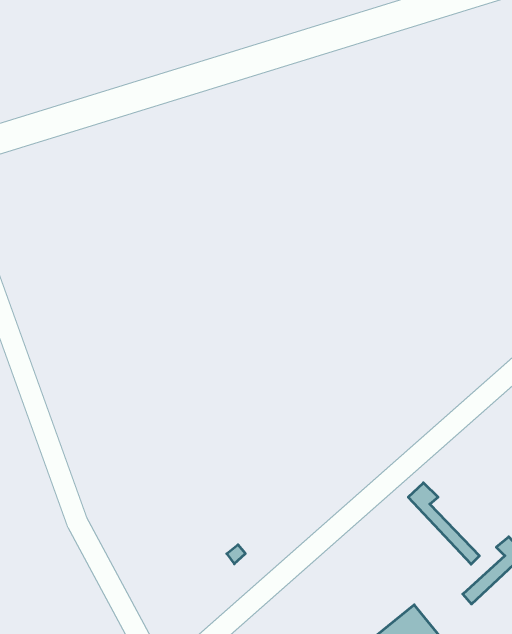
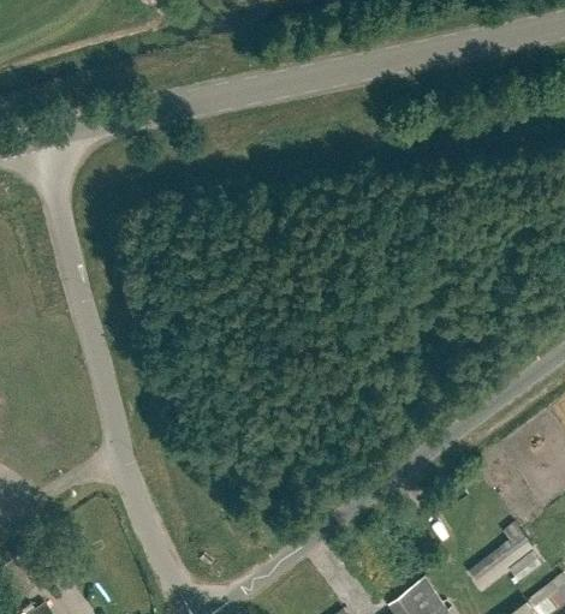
building: [408,483,479,564] -> none

